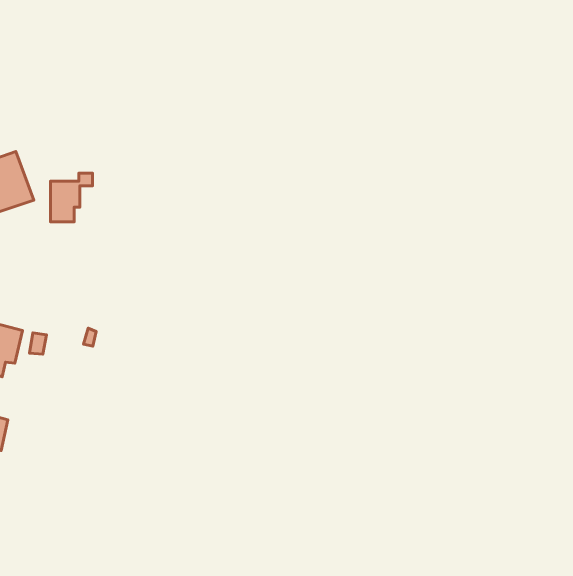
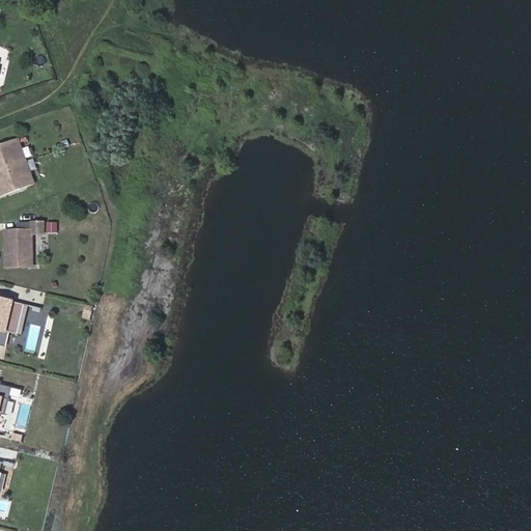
building: [51,173,92,222] -> [5,221,44,266]

